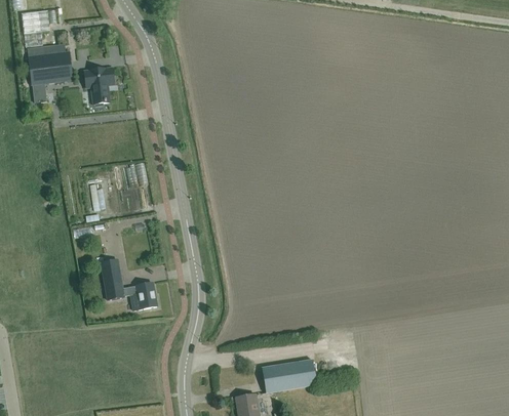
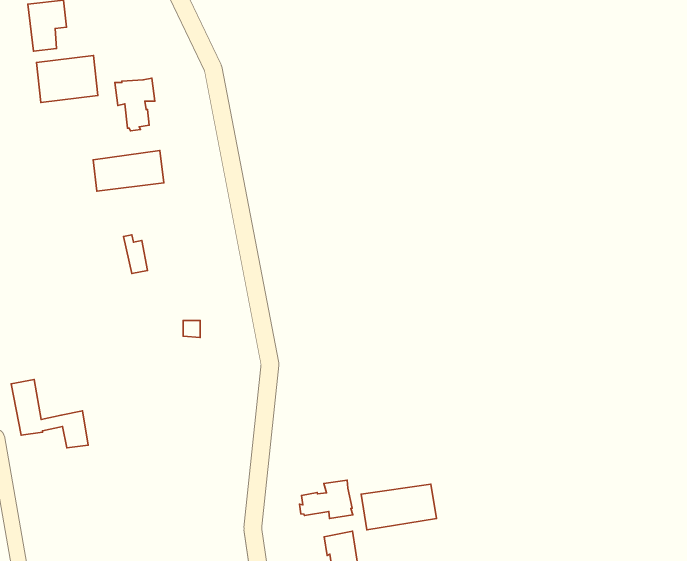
building: none -> [93,151,164,191]
building: [101,259,156,308] -> [11,380,88,448]
building: none -> [299,480,353,518]

